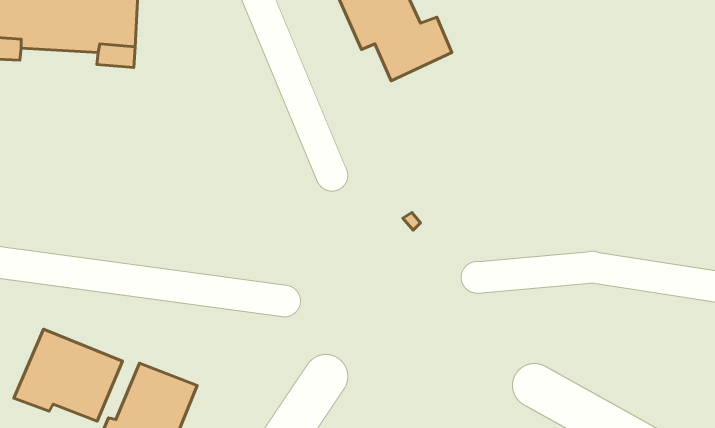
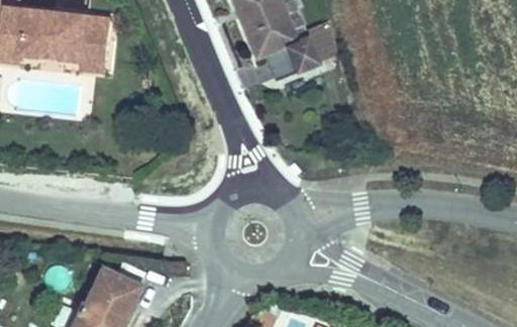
building: [14,329,123,421] -> none

